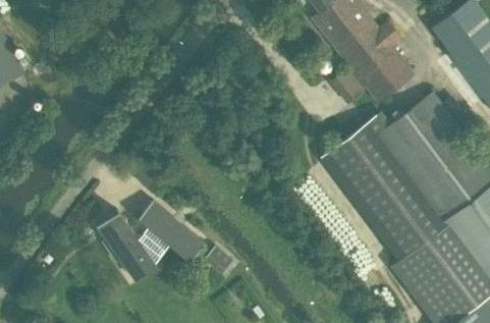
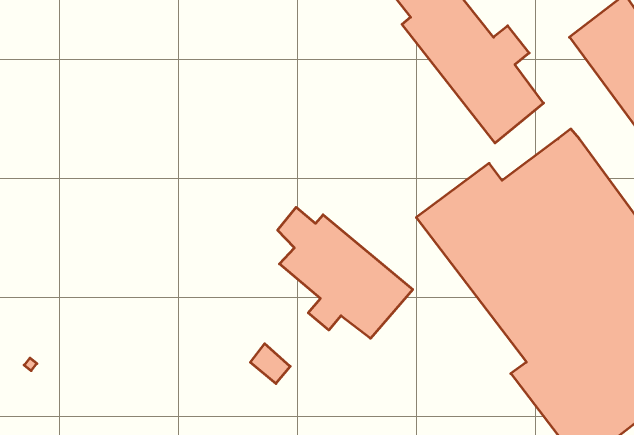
building: none -> [278,207,413,338]
building: [96,201,204,278] -> none

